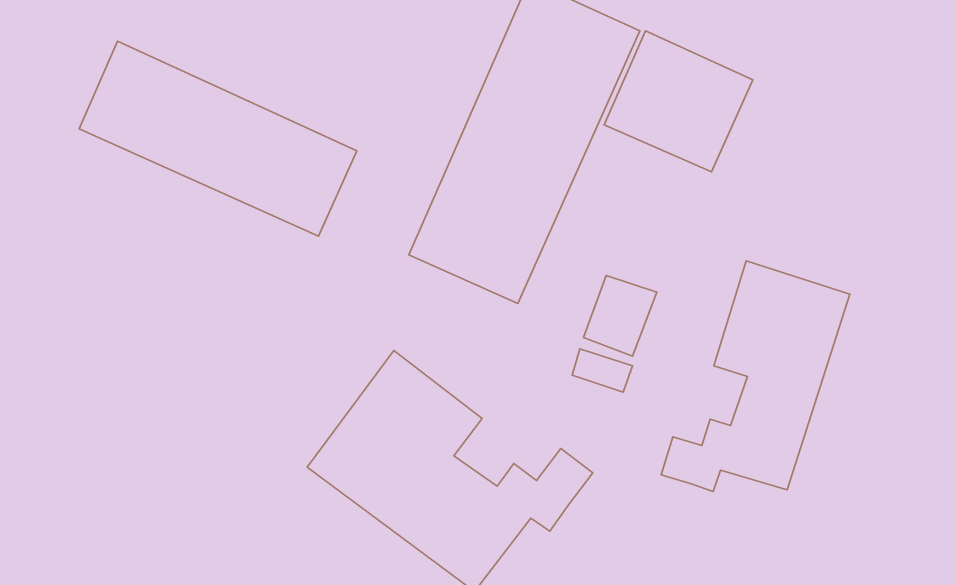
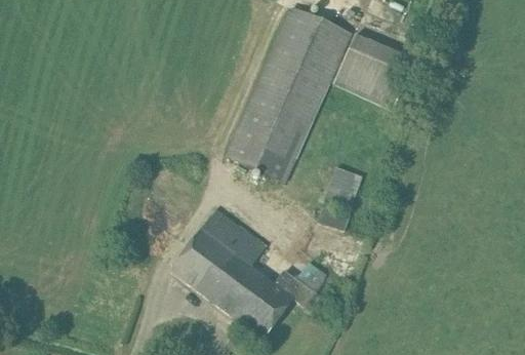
building: [79,41,357,236] -> none
building: [661,261,850,491] -> none

